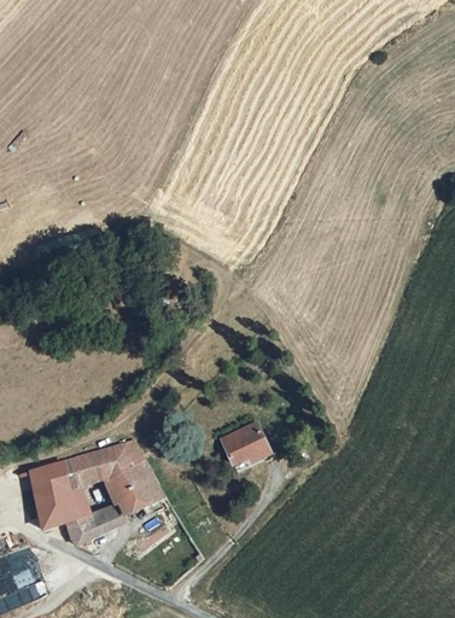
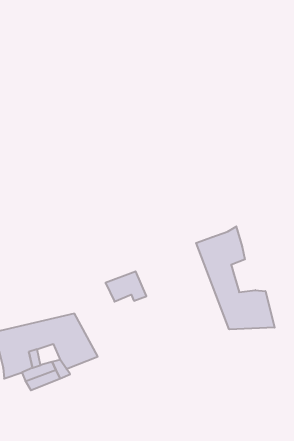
building: none -> [196,226,275,329]
building: [216,421,272,462] -> [105,271,146,302]

